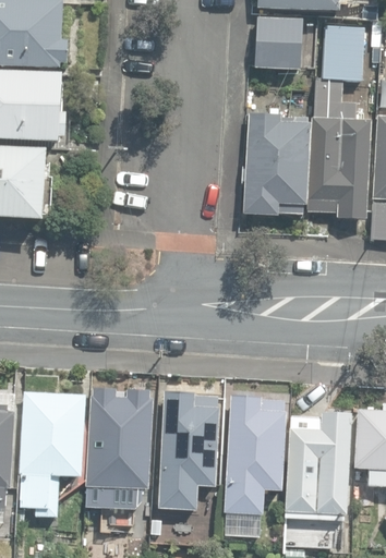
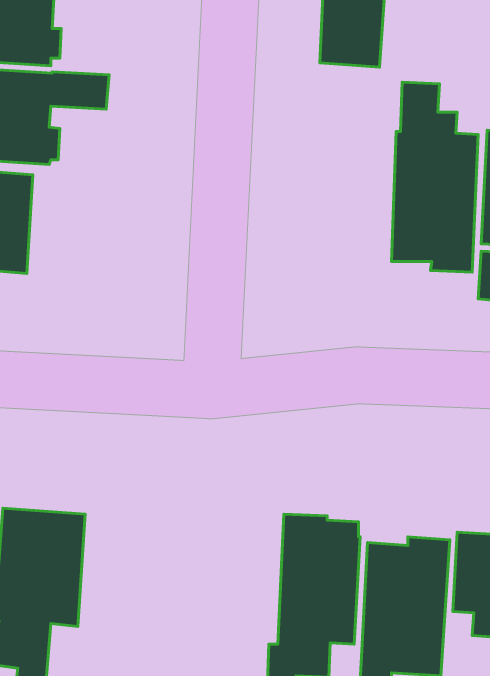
building: [316,27,364,82] -> none
building: [244,112,309,216] -> none
building: [85,388,152,509] -> none
building: [159,392,219,509] -> none

